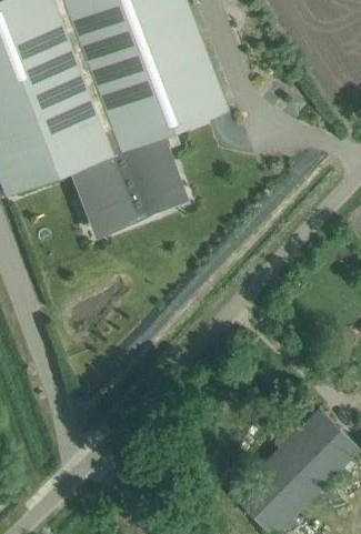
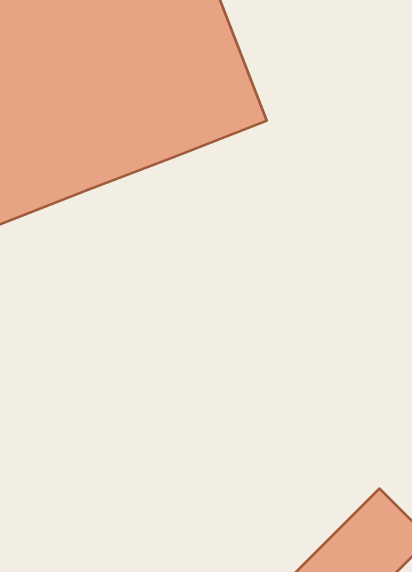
building: [81,139,176,232] -> none

